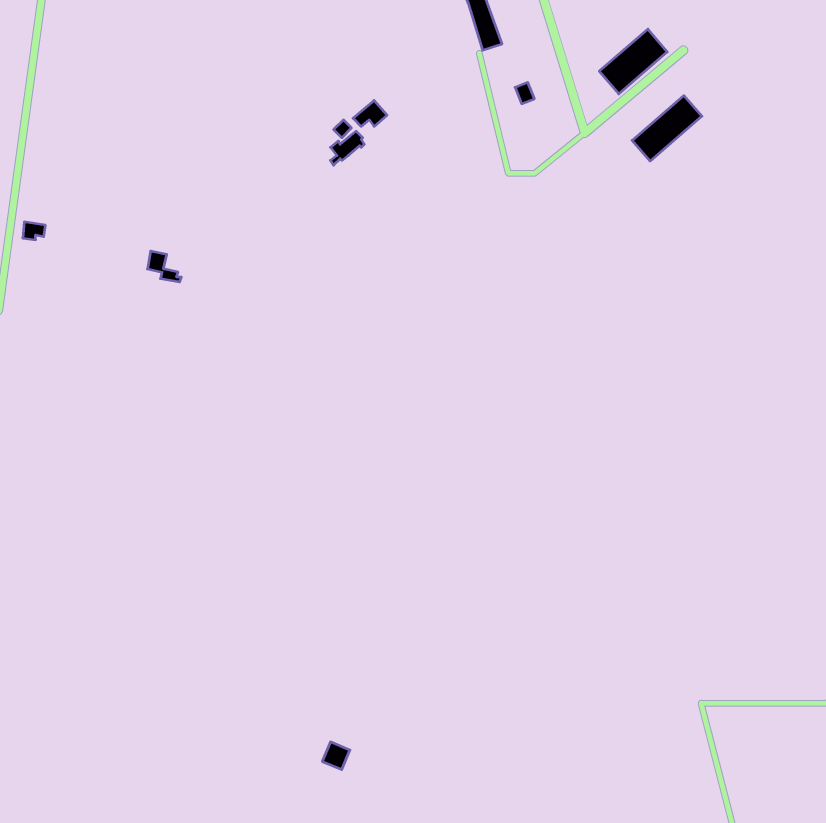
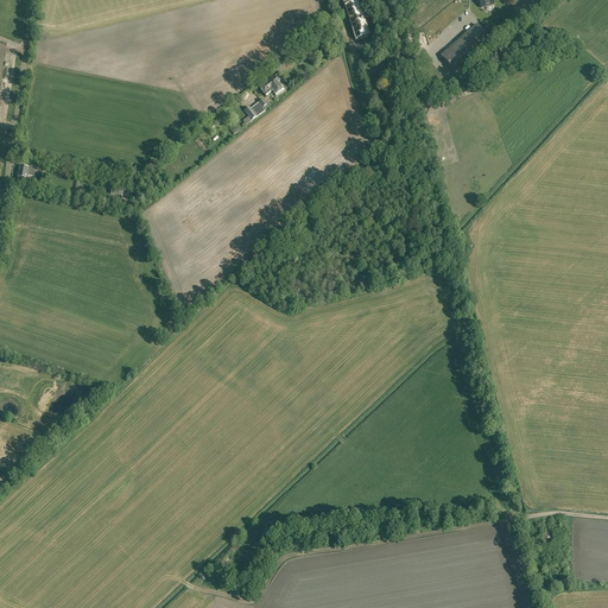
building: [632,96,702,161] -> none

